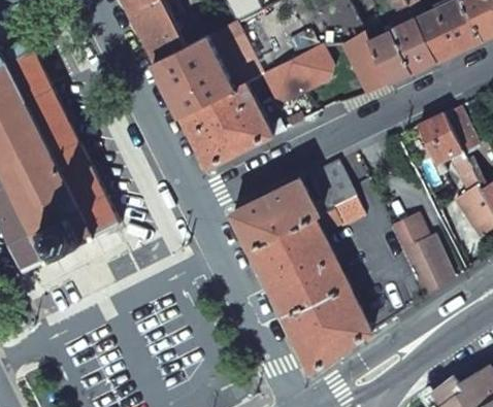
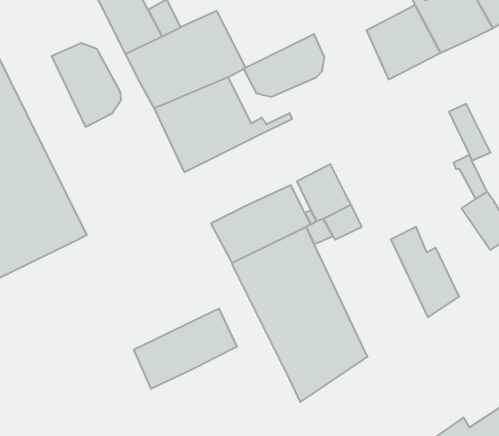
building: [343,31,388,93] -> none
building: none -> [52,43,121,127]
building: [416,113,460,164] -> none
building: none -> [134,308,237,389]

